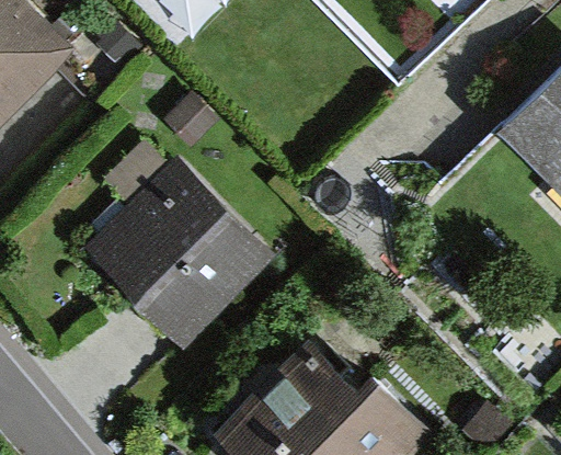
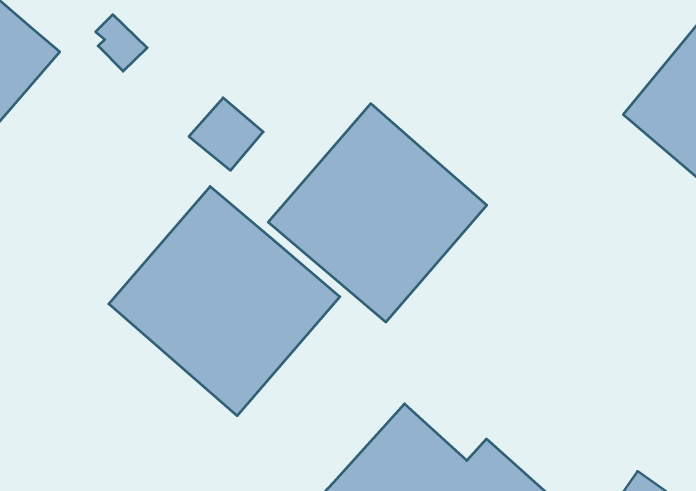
building: none -> [268,104,487,322]

